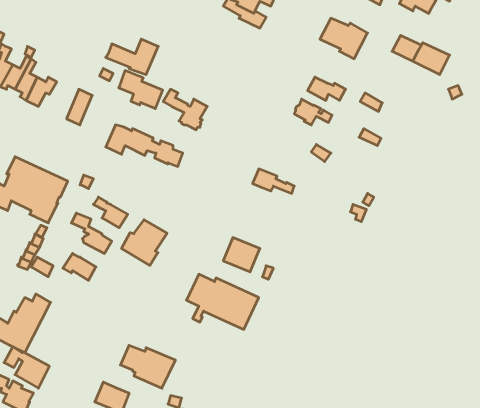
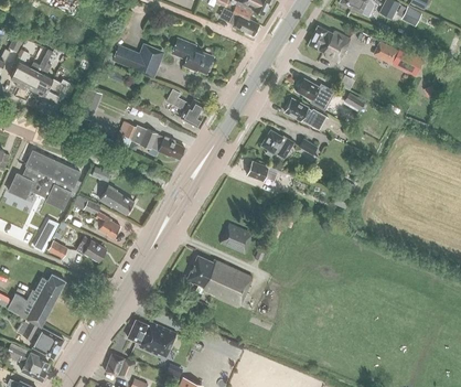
building: [119,71,163,109] -> [172,39,212,73]
building: none -> [261,130,293,158]
building: [122,220,167,265] -> none

